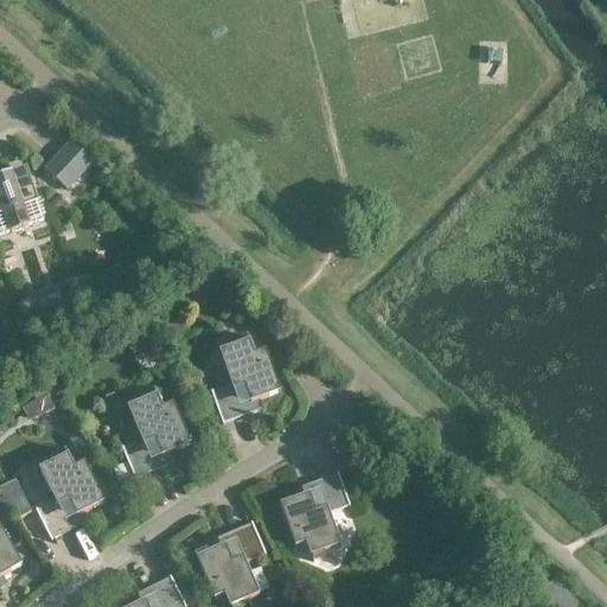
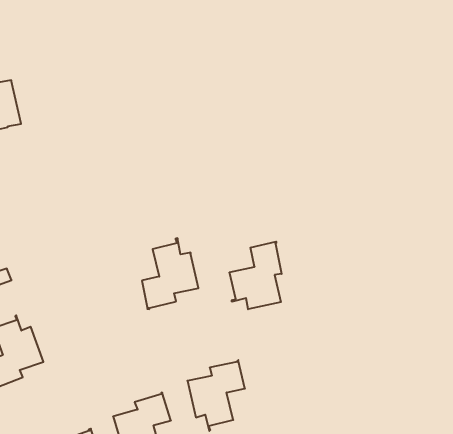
building: [45,135,96,186] -> none
building: none -> [230,242,282,309]
building: [120,386,190,477] -> none

